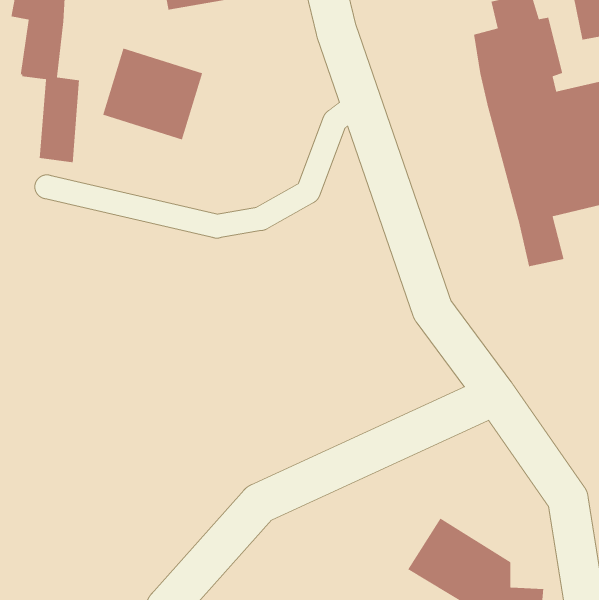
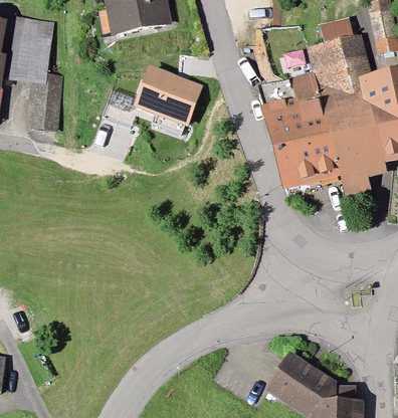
building: [102,48,203,140] -> [140,71,204,131]
building: none -> [259,72,340,184]

